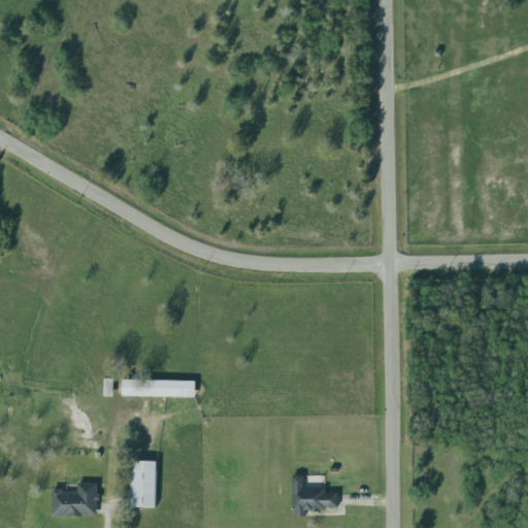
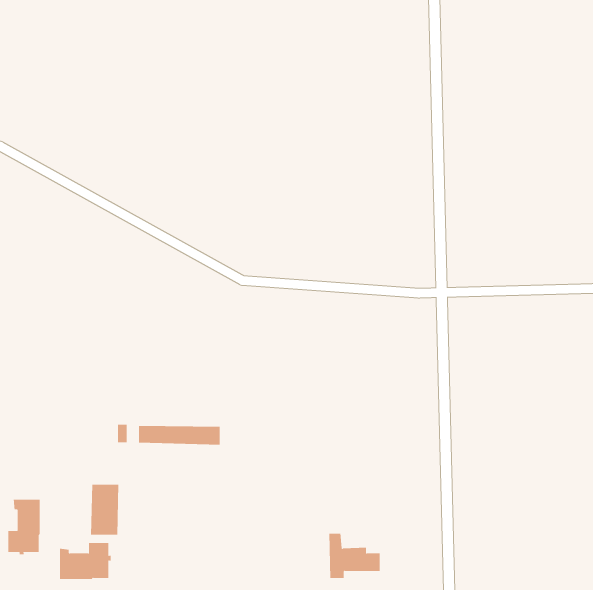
building: none -> [8,499,40,555]
building: [131,460,157,505] -> [90,484,119,535]

